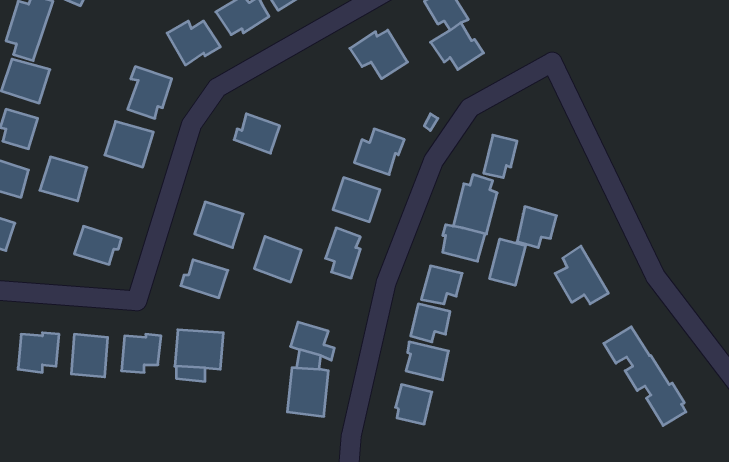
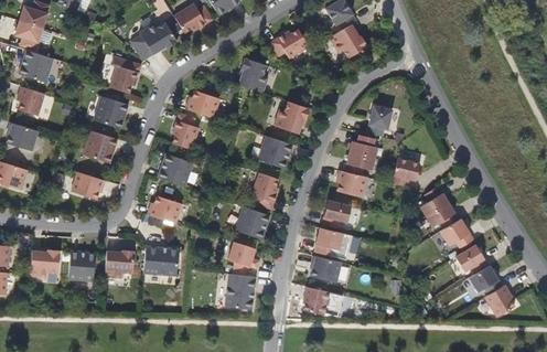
building: none -> [238,57,268,92]
building: none -> [173,113,199,149]
building: [40,157,87,201] -> [83,130,117,162]
building: [254,236,301,282] -> [235,205,269,238]
building: [490,239,525,285] -> none
building: none -> [439,218,472,248]

